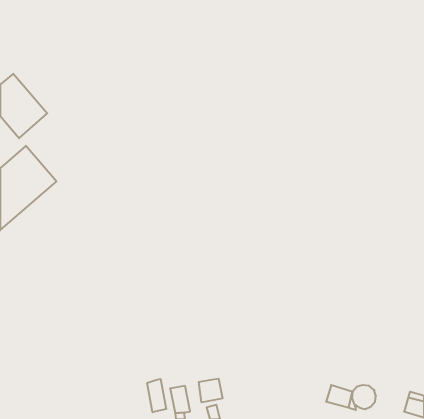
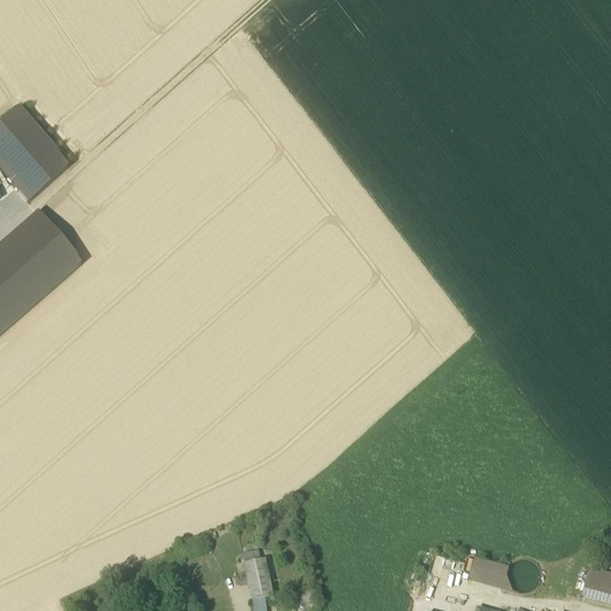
building: [199,379,223,402] -> none
building: [147,379,166,412] -> none

